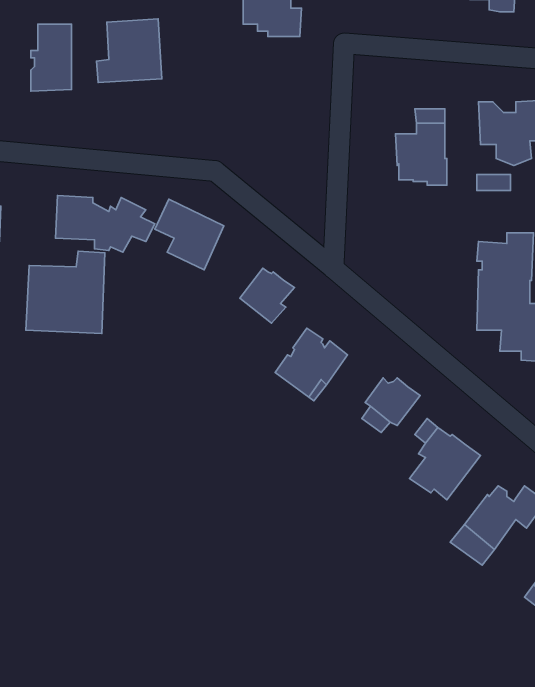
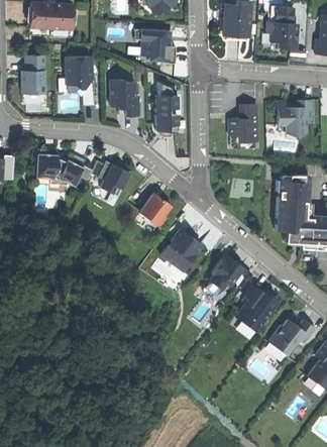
building: none -> [110,79,139,115]
building: none -> [155,82,178,133]
building: [26,251,105,333] -> none

